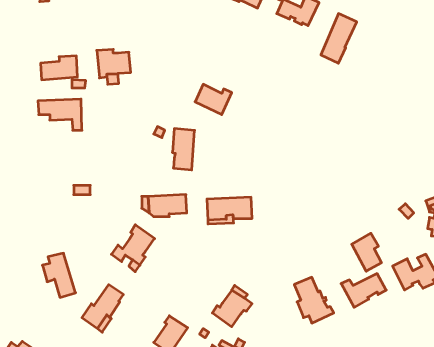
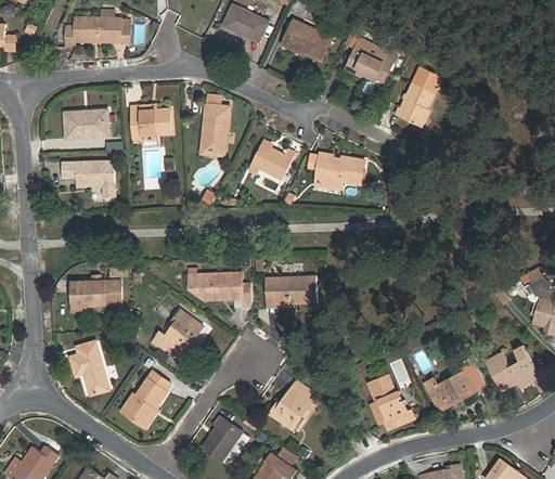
building: none -> [318,152,365,180]
building: [172,129,195,170] -> [204,105,230,154]
building: none -> [76,281,124,311]
building: [352,233,381,271] -> none

